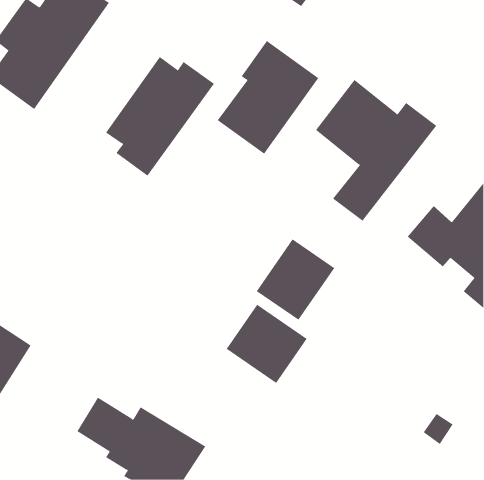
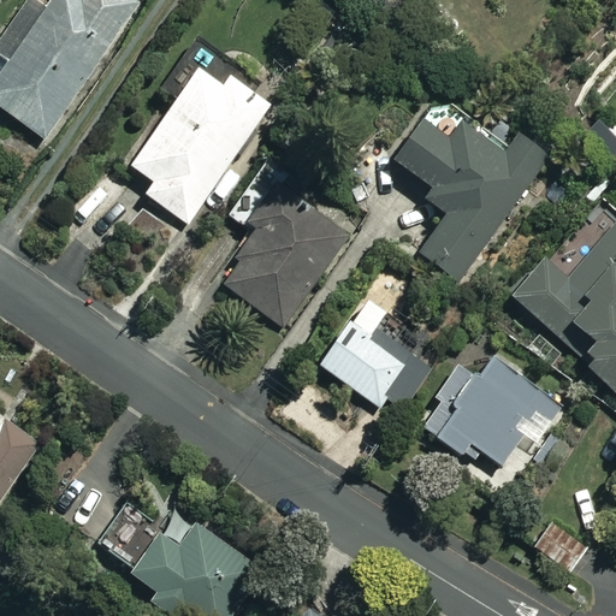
building: [217,40,319,155] -> [220,179,349,324]
building: none -> [417,357,558,468]
building: [226,304,308,384] -> none

